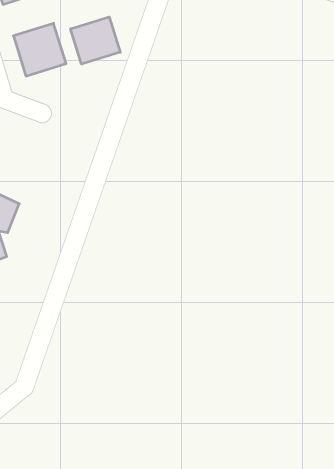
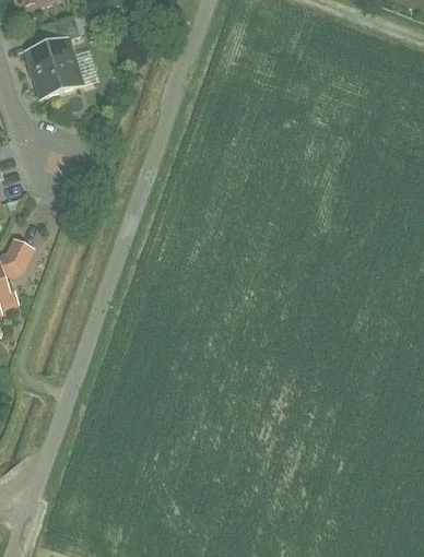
building: [71,17,120,64] -> none

